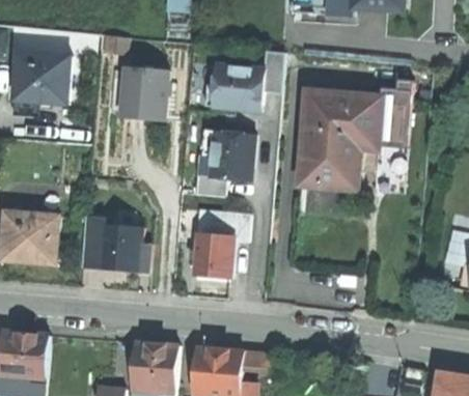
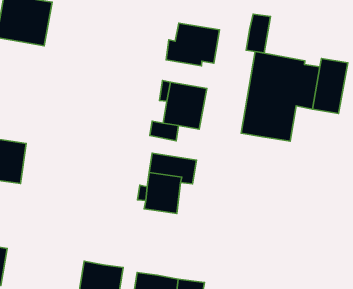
building: [260,51,284,93] -> [246,14,270,53]
building: [118,66,168,120] -> none
building: [81,218,149,272] -> none

